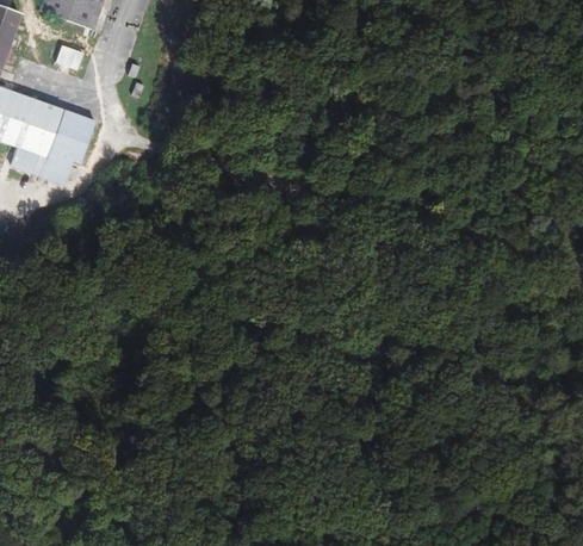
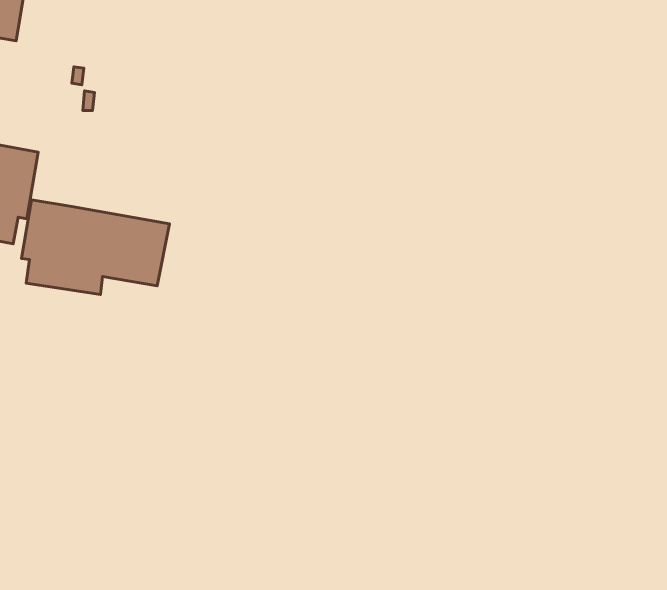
building: none -> [21,200,169,295]

